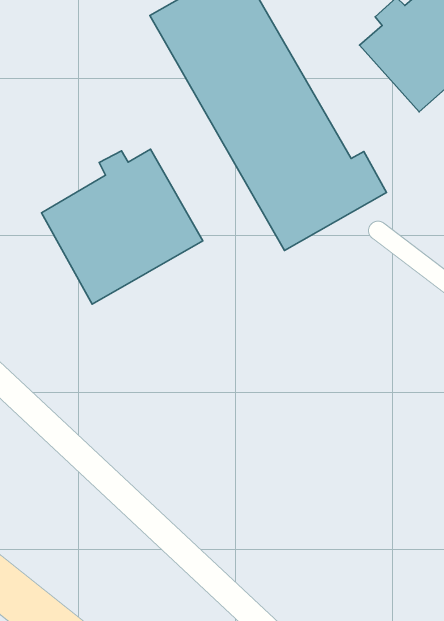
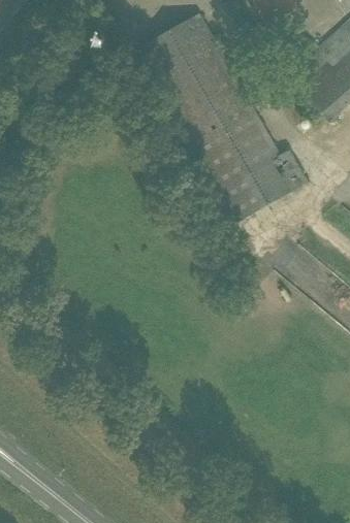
building: [41,149,203,304] -> none

